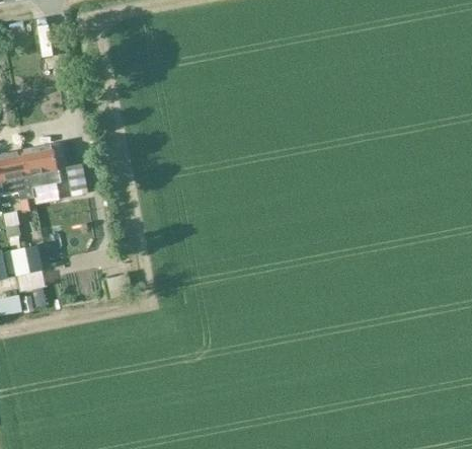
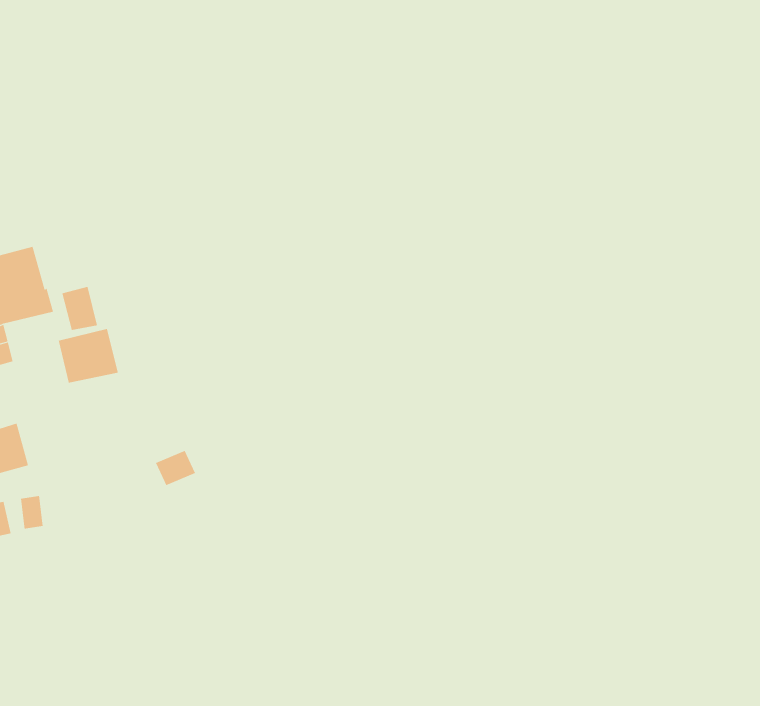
building: none -> [58,328,118,384]

